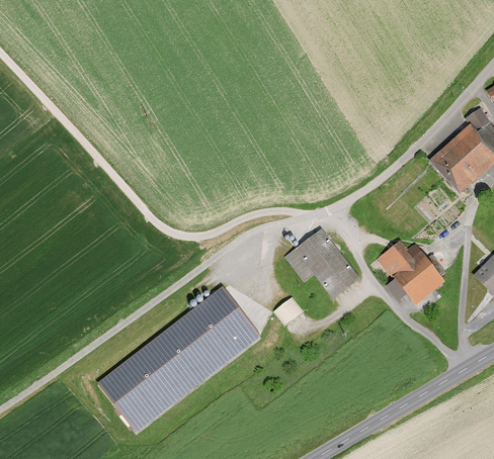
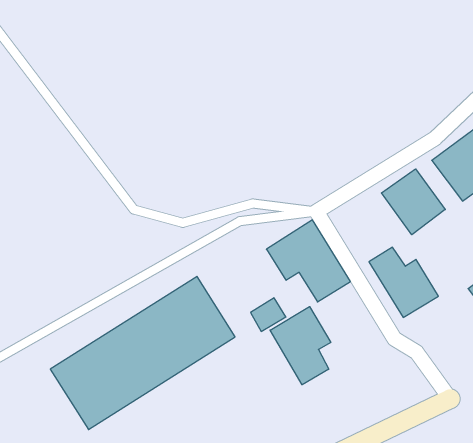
building: none -> [381,169,445,235]
building: none -> [270,307,331,385]

